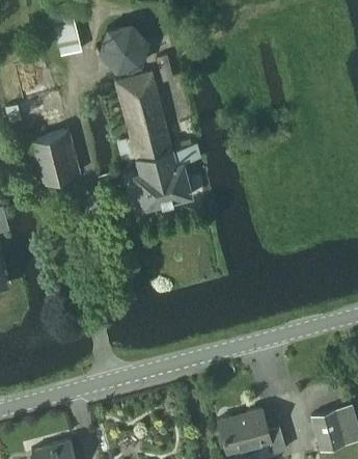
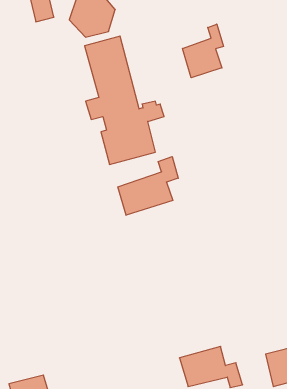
building: none -> [183,24,223,78]
building: [27,133,79,186] -> none
building: none -> [118,157,178,215]

